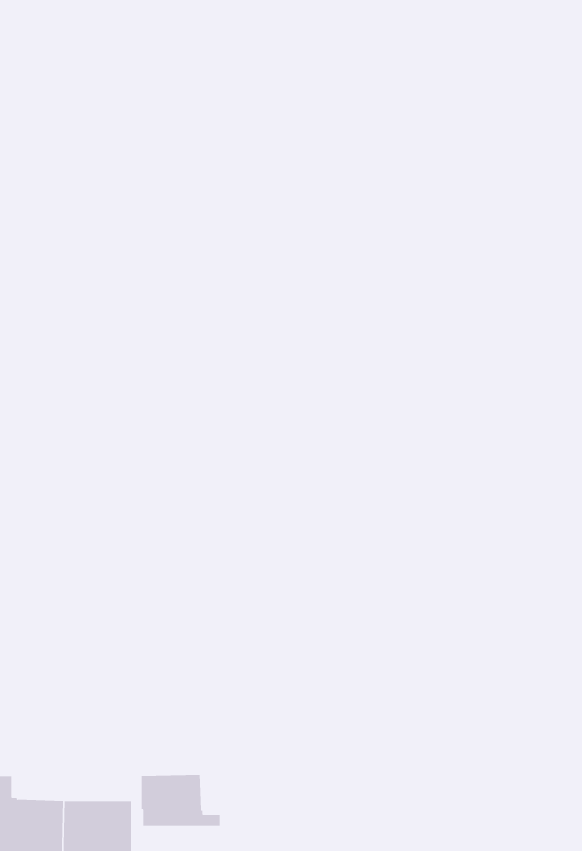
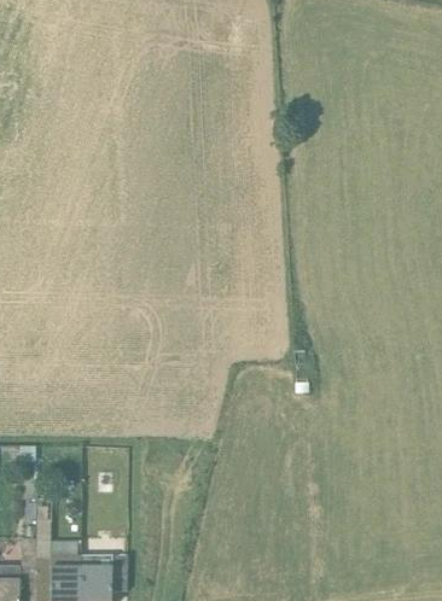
building: [141,774,220,826] -> none

